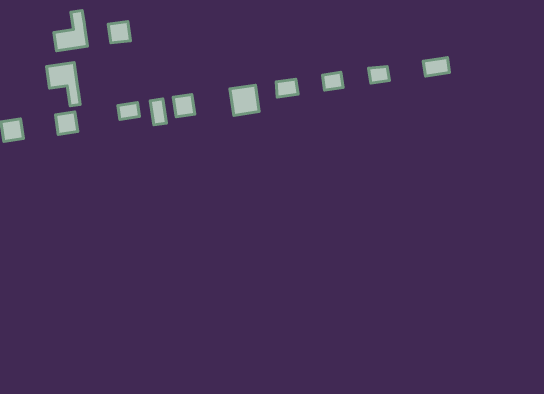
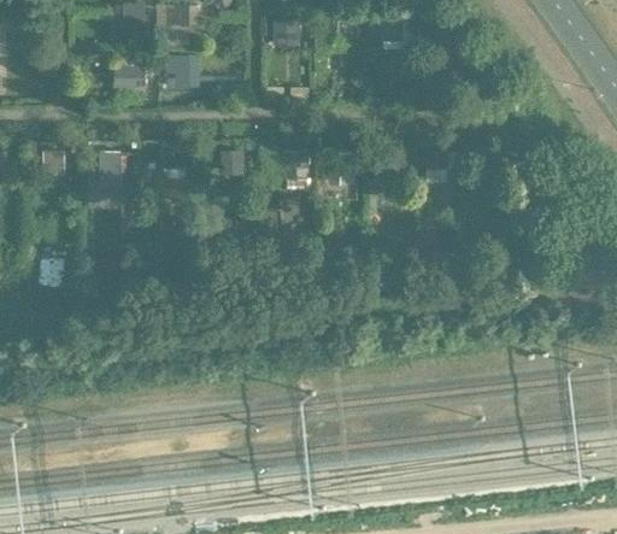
building: [46,63,80,106] -> none

